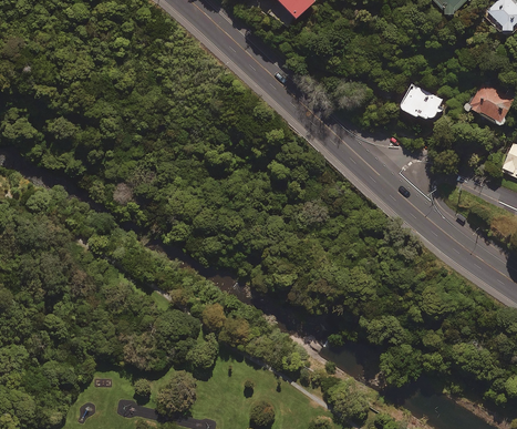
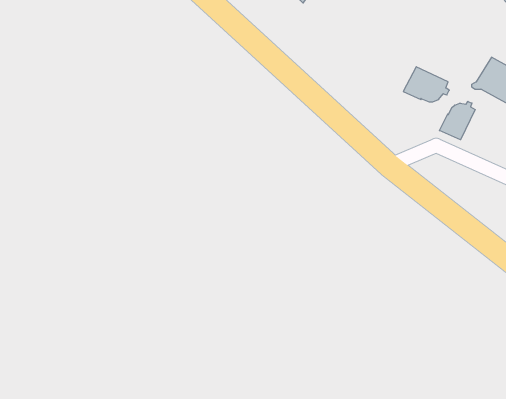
building: none -> [439,101,475,140]

